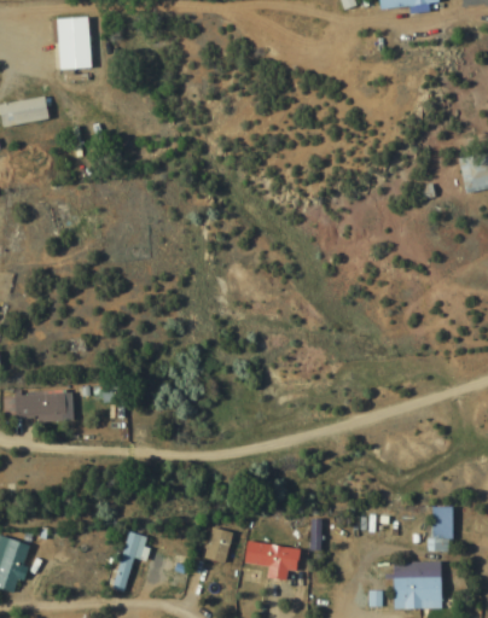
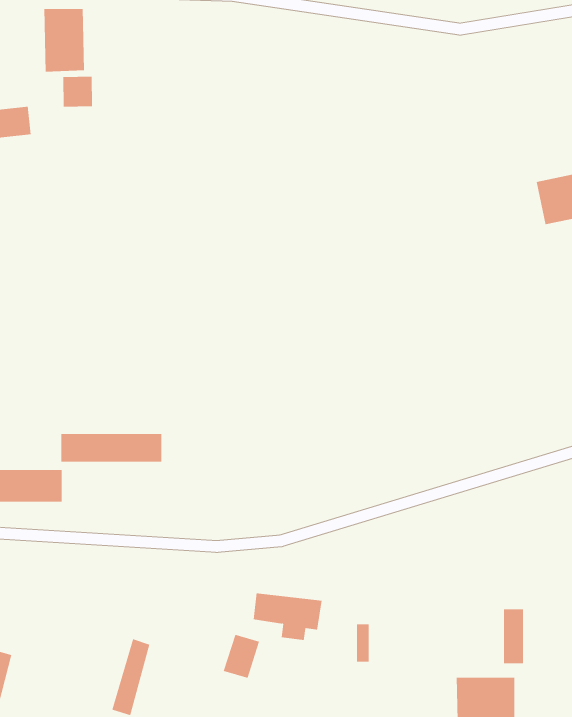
building: none -> [63,76,92,107]
building: none -> [61,433,162,462]
building: [244,541,301,579] -> [253,593,322,640]

